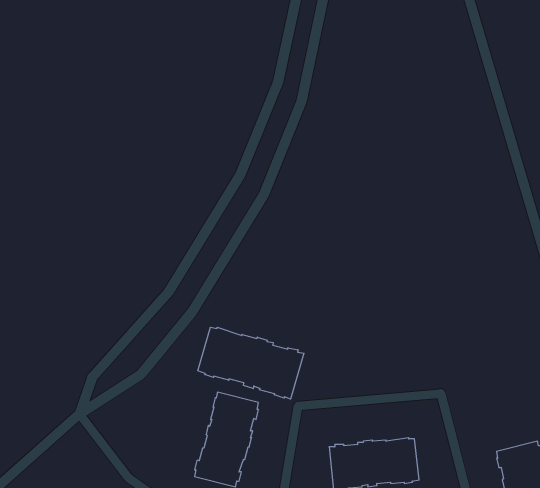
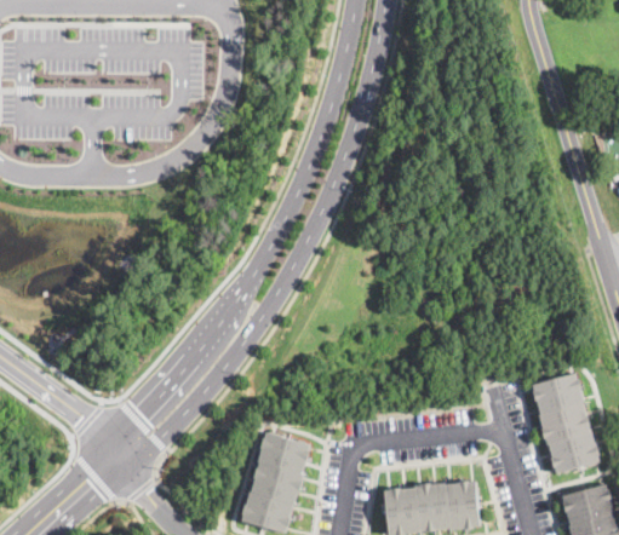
building: [198,327,304,399] -> none
building: none -> [532,373,600,473]

